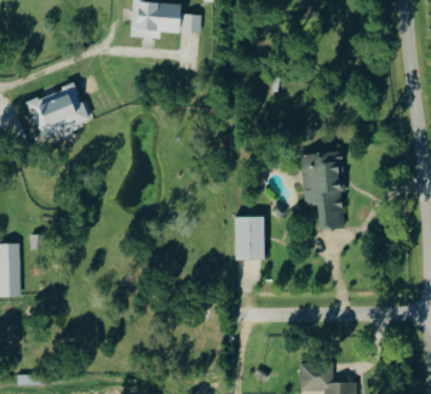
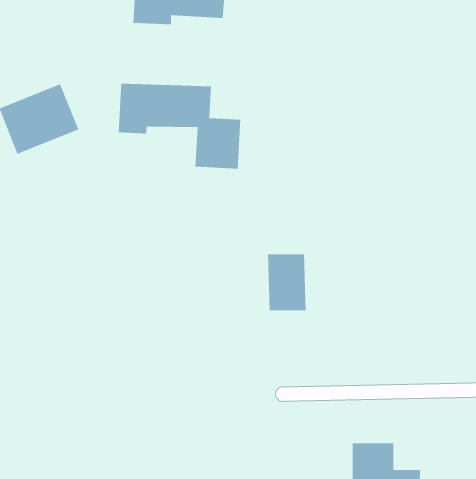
building: none -> [118,83,241,169]
building: [301,152,344,229] -> none

